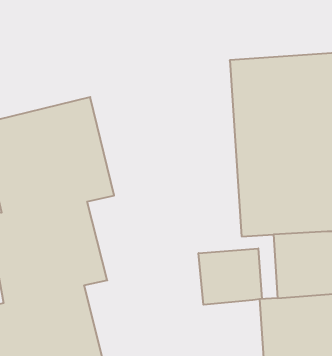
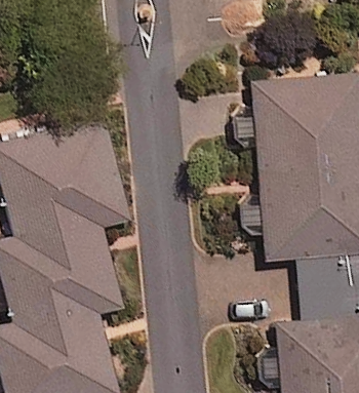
building: [199,248,262,305] -> none

